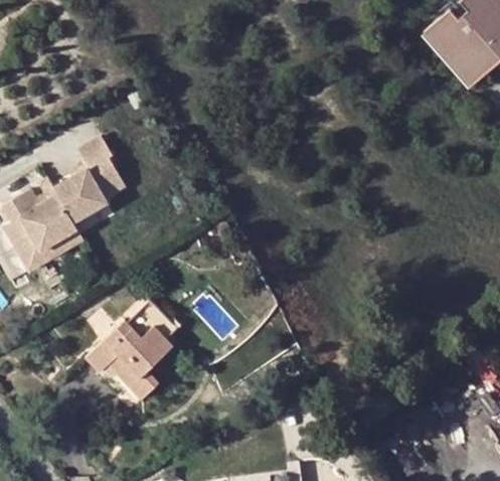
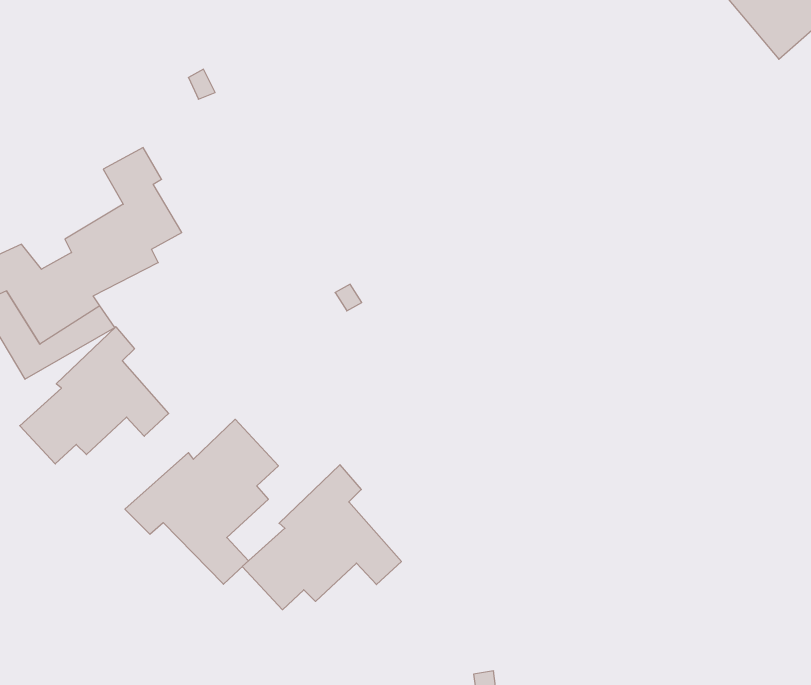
building: none -> [20,327,169,464]
building: none -> [242,465,401,610]

